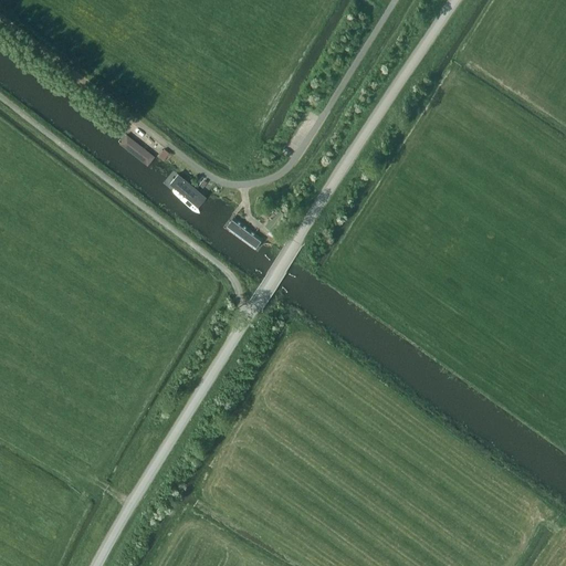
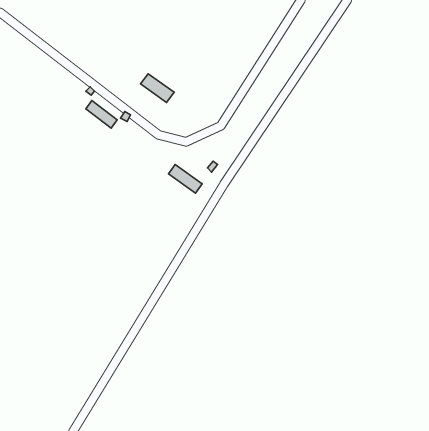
building: [165,171,209,209] -> [140,74,174,102]

